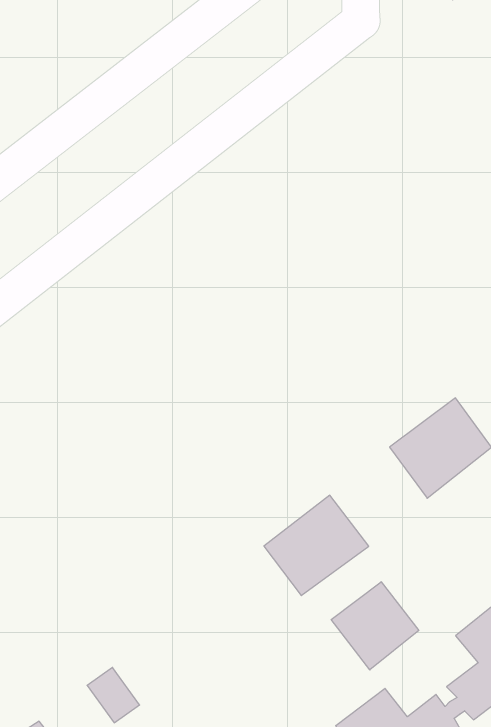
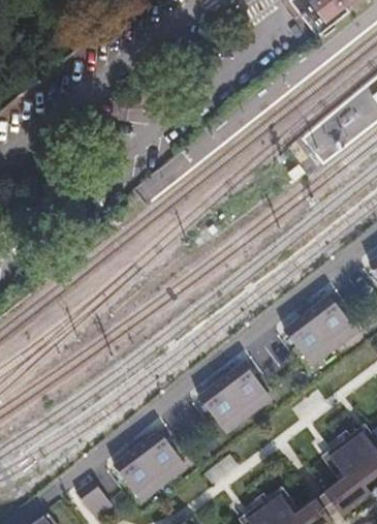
building: [331,582,419,670] -> none
building: none -> [112,429,183,497]

